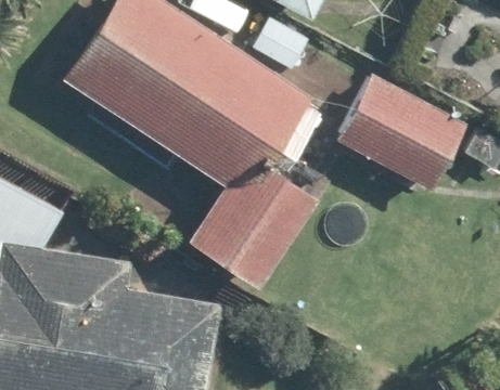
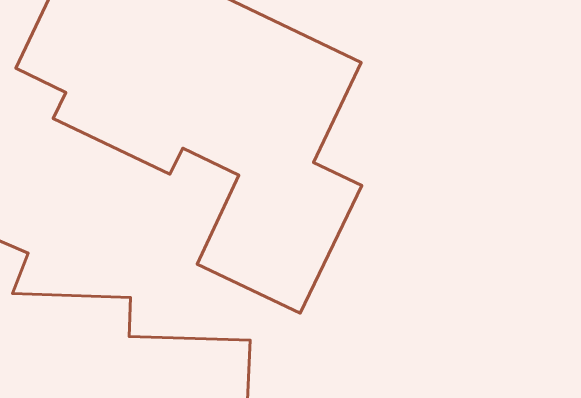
building: [332,72,463,191] -> none

